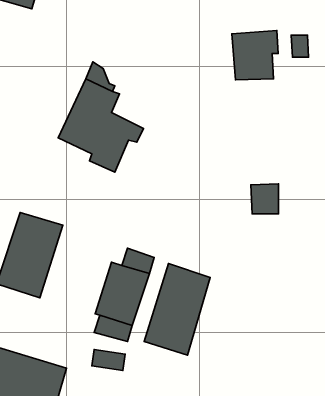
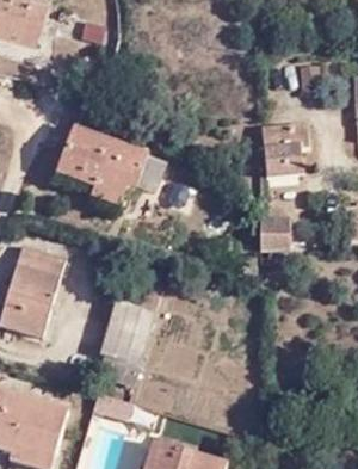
building: [232,30,278,80] -> [255,123,303,174]
building: [144,264,210,355] -> none

